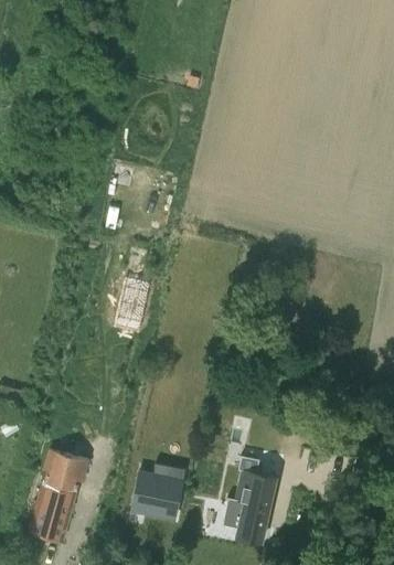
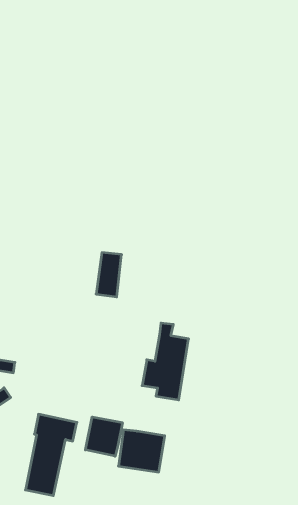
building: none -> [85,417,122,456]
building: [223,459,276,543] -> [142,323,189,400]

